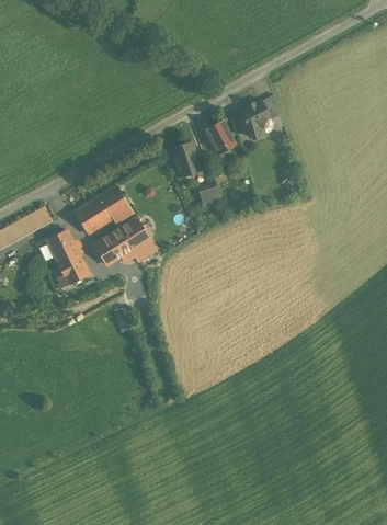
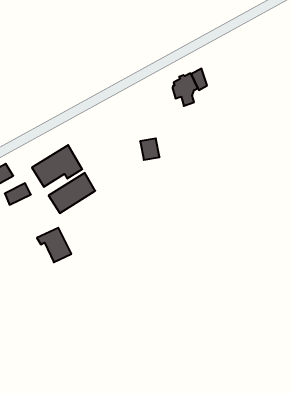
building: [205,121,232,153] -> none
building: [170,141,201,178] -> none
building: [47,243,88,284] -> [37,228,71,262]

